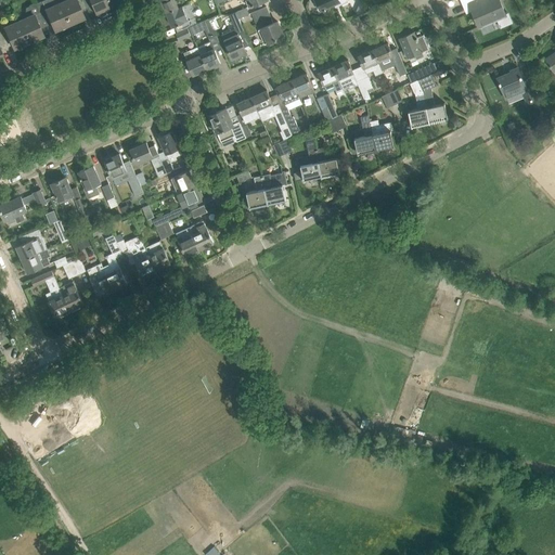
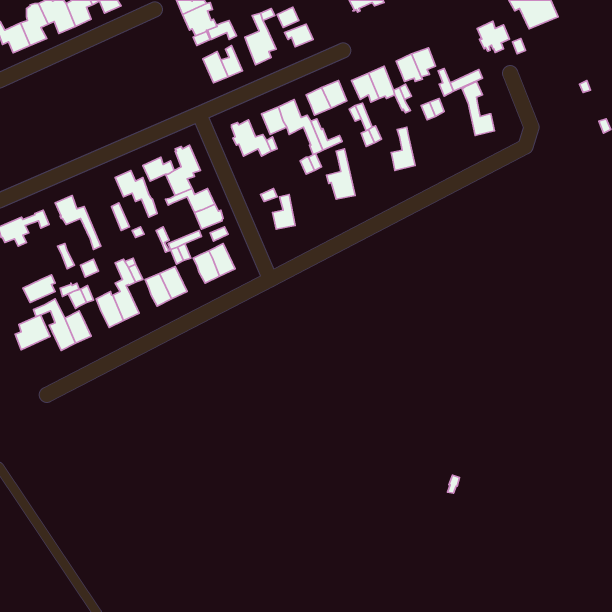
building: [399,33,428,61] -> [477,21,510,52]
building: [496,68,537,105] -> none
building: [408,94,429,128] -> none
building: [369,120,393,151] -> none
building: [314,147,339,178] -> none
building: [78,166,100,199] -> none
building: [261,172,286,205] -> none
building: [15,230,47,261] -> [15,315,50,350]

